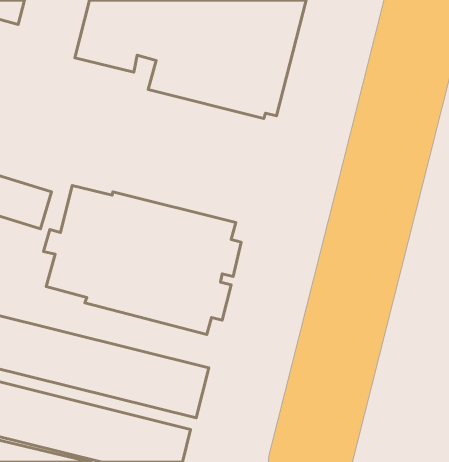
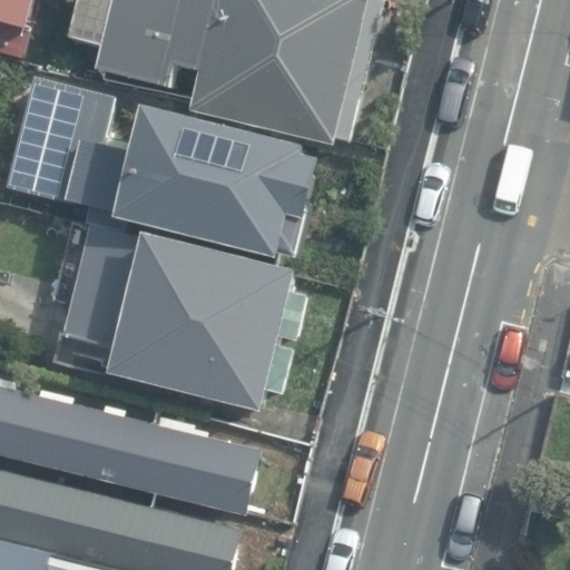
building: none -> [67,110,317,258]

